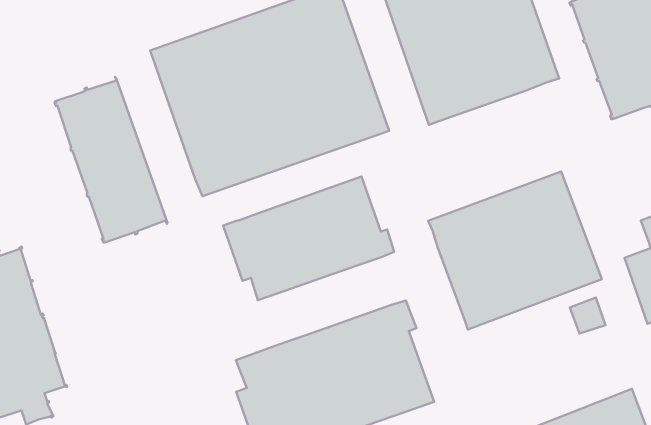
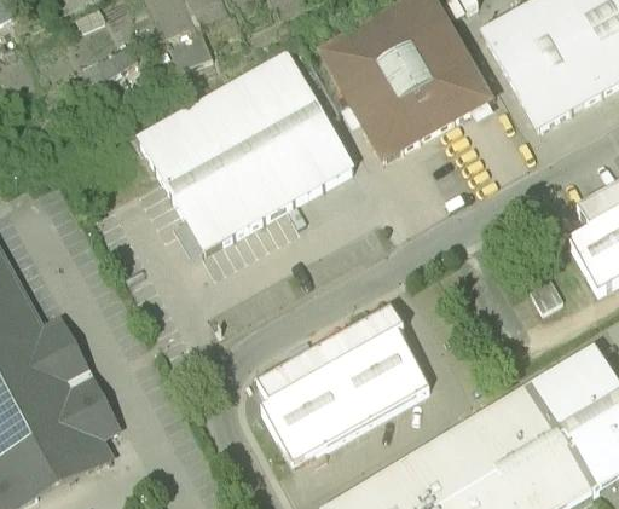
building: [54,77,168,243] -> none
building: [428,172,602,329] -> none
building: [223,176,394,300] -> none

